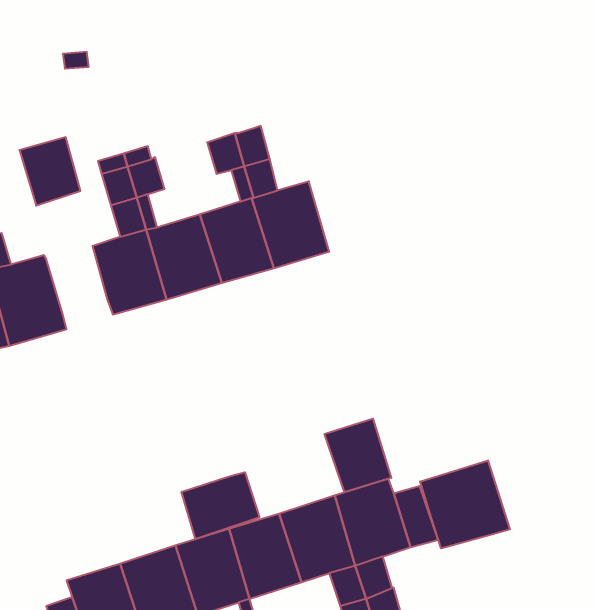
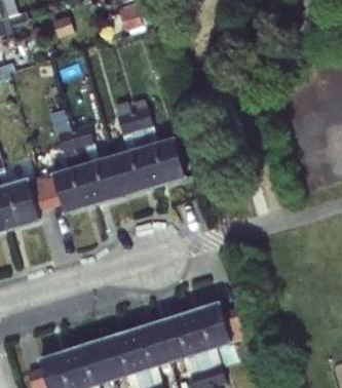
building: [19,137,80,206] -> [27,172,61,210]
building: [325,419,391,492] -> none
building: [420,460,510,548] -> none
building: [182,472,259,539] -> none

